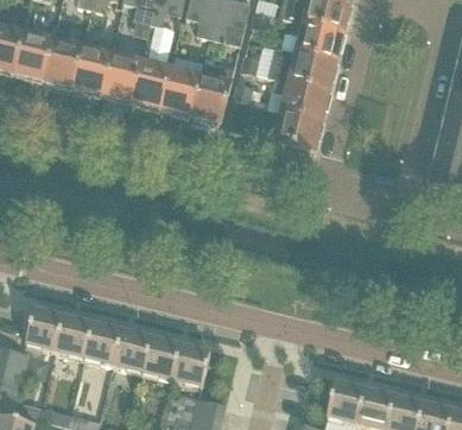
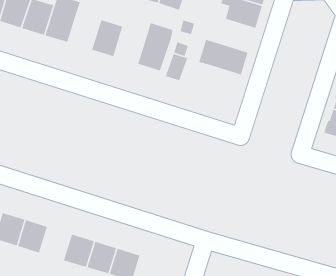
building: [267,48,335,91] -> none
building: [102,55,141,101] -> none
building: [160,69,200,115] -> none
building: [266,112,321,160] -> none
building: [83,324,121,366] -> none

